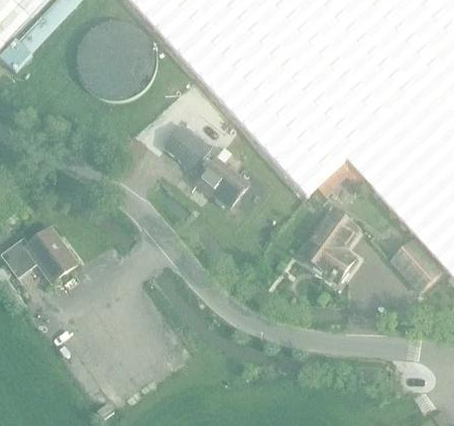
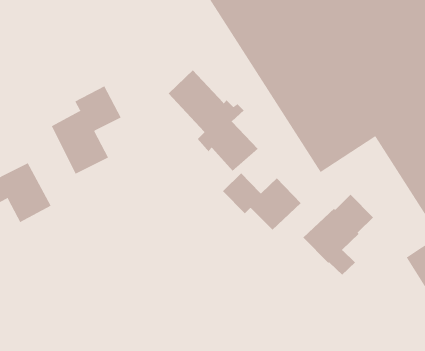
building: none -> [51,85,121,175]
building: none -> [222,172,301,231]

